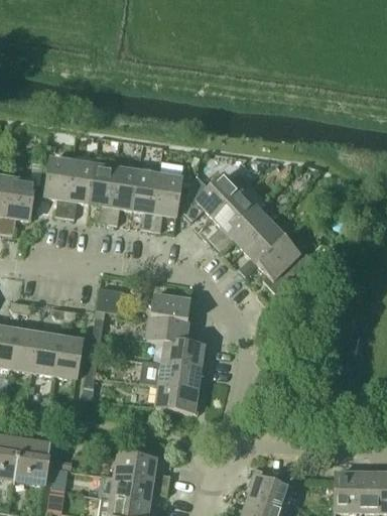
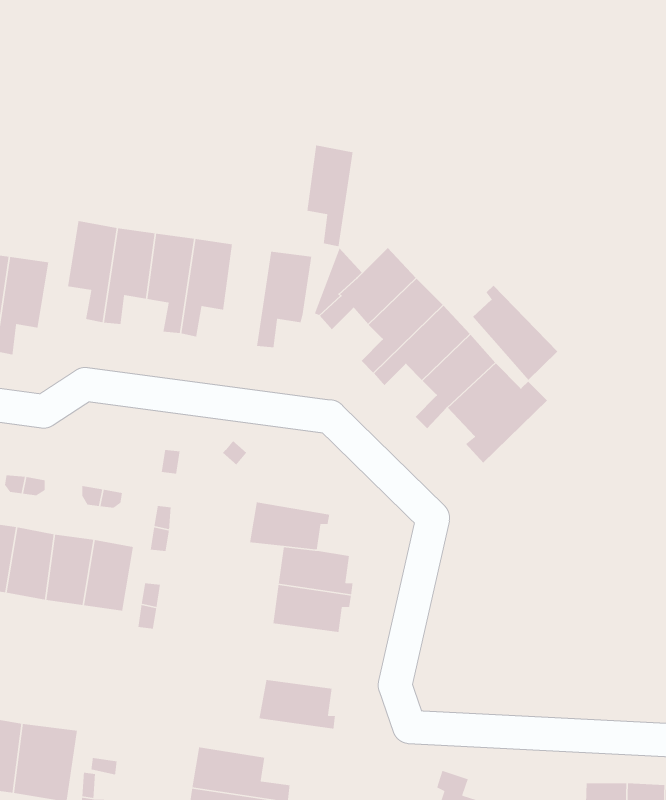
building: [132,170,158,228] -> [307,145,353,247]
building: none -> [472,285,558,381]
building: [150,292,192,321] -> none
building: [155,383,199,411] -> [259,679,336,730]

